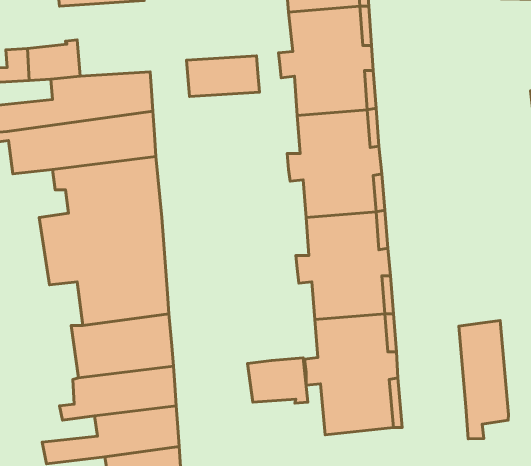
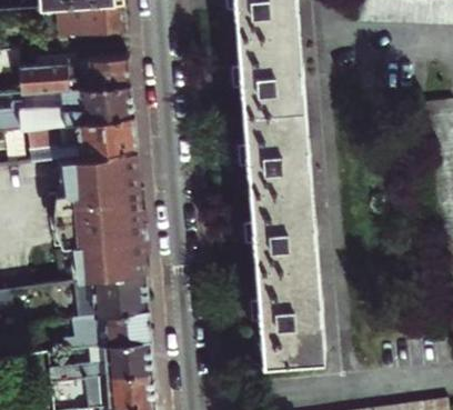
building: [186,56,259,97] -> [76,57,131,88]
building: [459,321,509,439] -> none
building: [248,358,308,403] -> none

